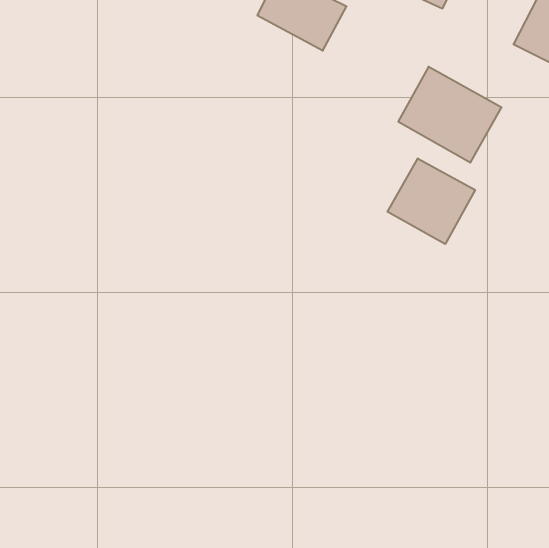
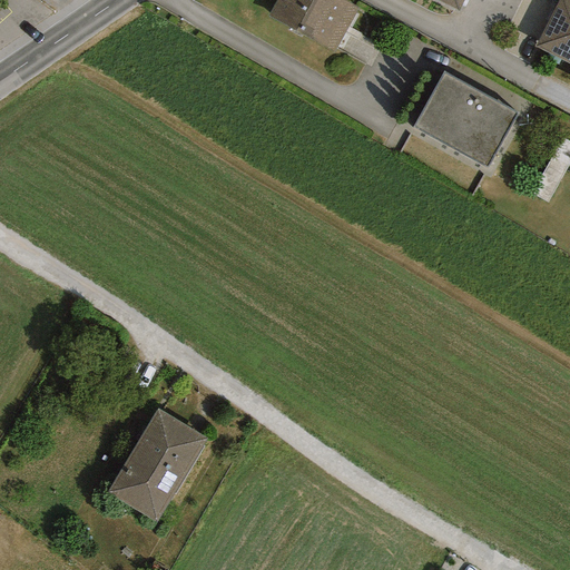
building: [388,158,475,244] -> none
building: none -> [108,406,208,519]

